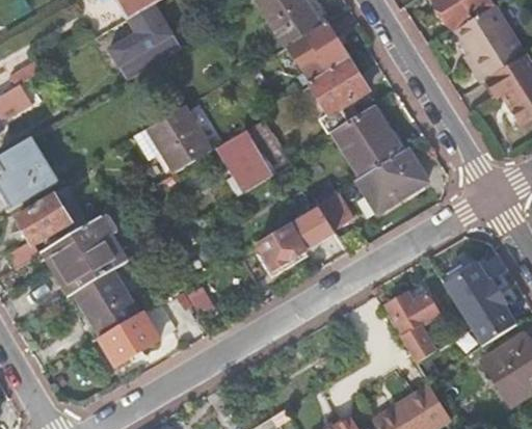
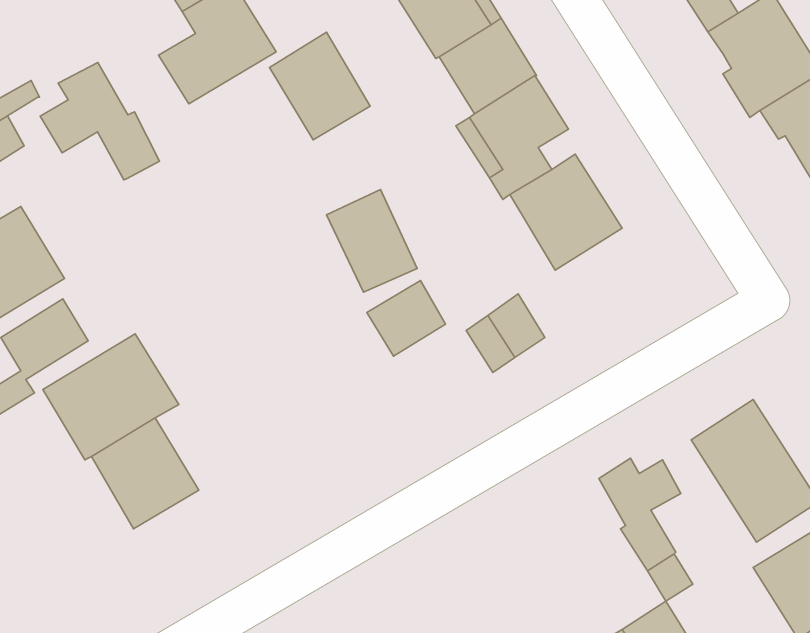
building: none -> [40,63,160,180]
building: [147,105,209,171] -> [270,32,370,140]
building: [356,149,426,212] -> none
building: [258,222,307,269] -> [367,281,446,356]
building: [99,300,175,364] -> none

